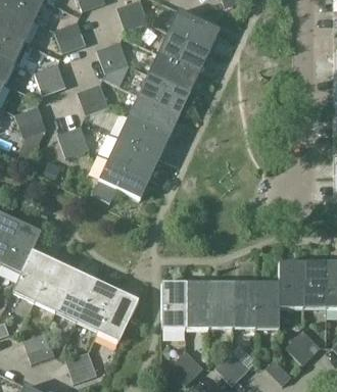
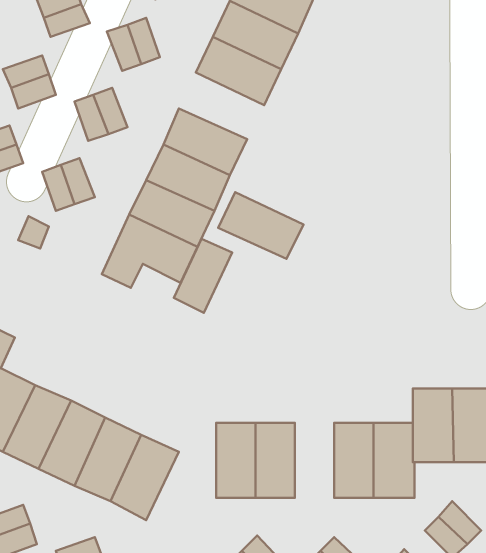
building: [139,74,190,113] -> [218,192,304,259]
building: none -> [174,239,232,313]
building: [208,283,232,328] -> none

